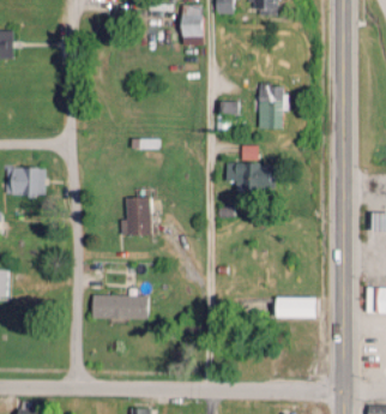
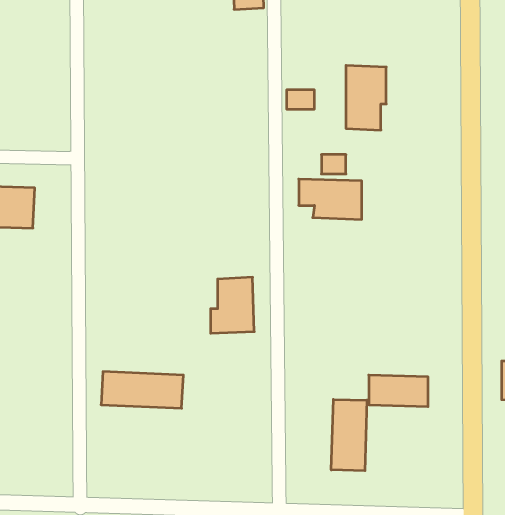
building: [121,197,151,235] -> [211,277,254,333]
building: none -> [331,399,367,471]

